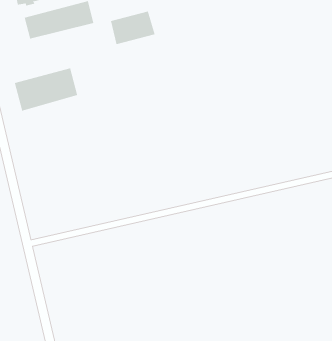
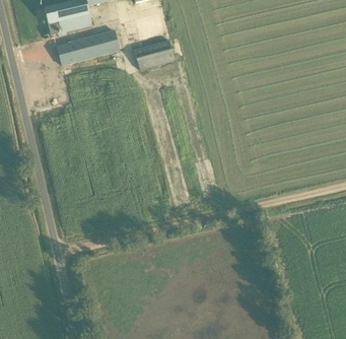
building: [14,68,78,112] -> none

